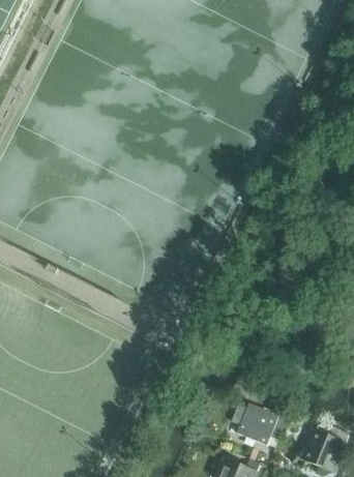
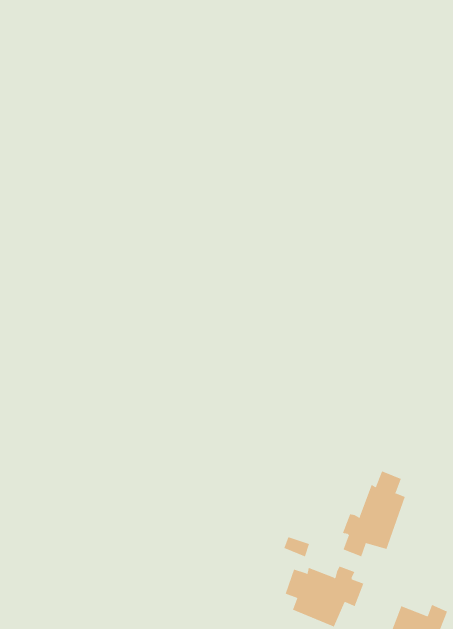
building: none -> [342,470,405,557]

